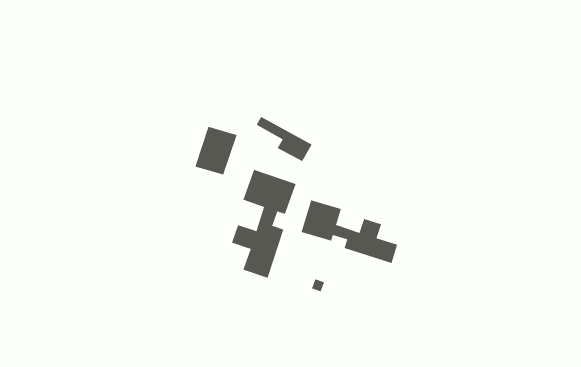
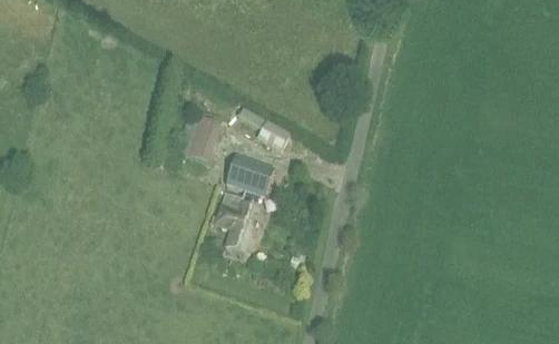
building: [301,199,398,264] -> none

